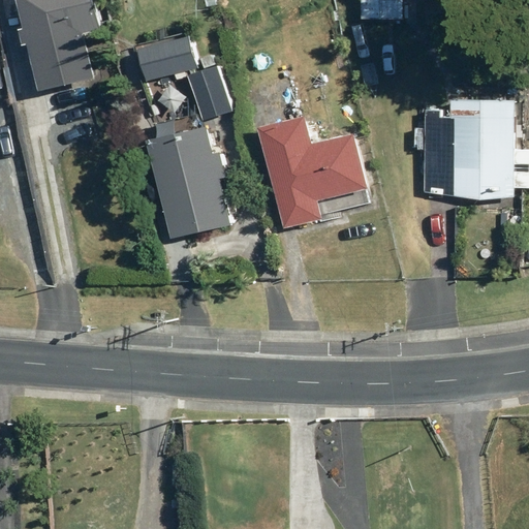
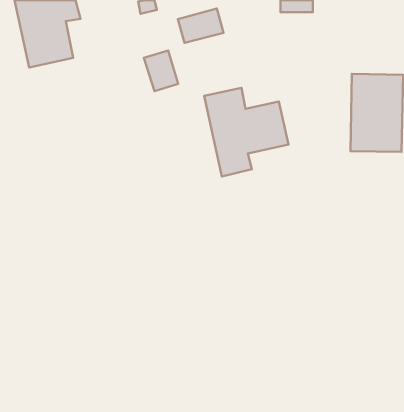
building: [136,36,194,80] -> [178,9,223,43]
building: [148,126,228,238] -> none

